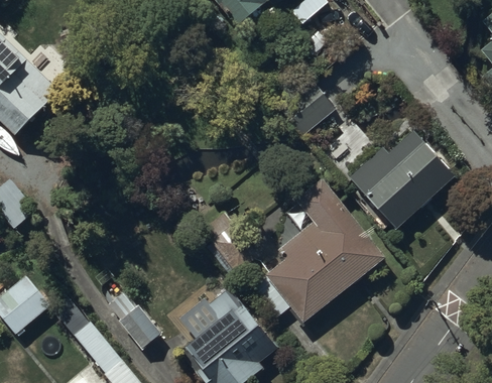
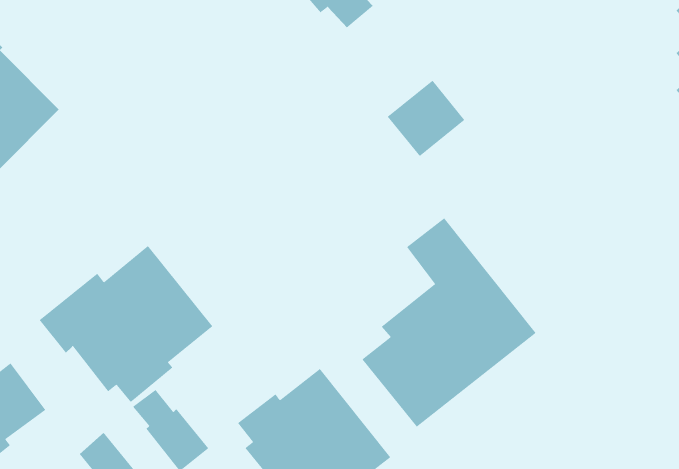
building: [348,124,458,228] -> none
building: none -> [39,245,213,403]

